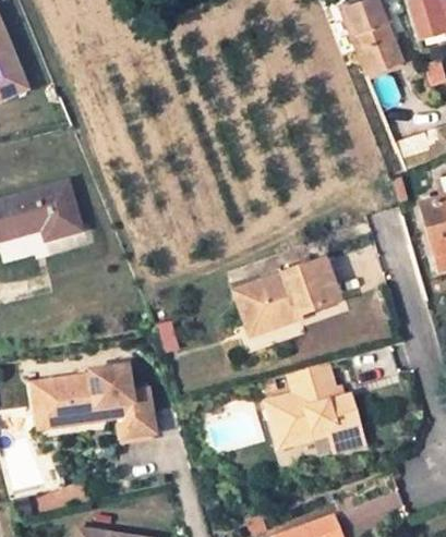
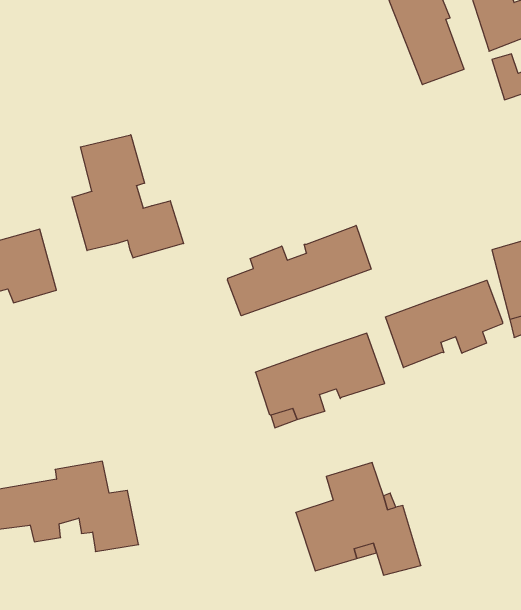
building: none -> [72,135,184,258]
building: none -> [228,225,371,316]
building: none -> [386,280,502,368]

